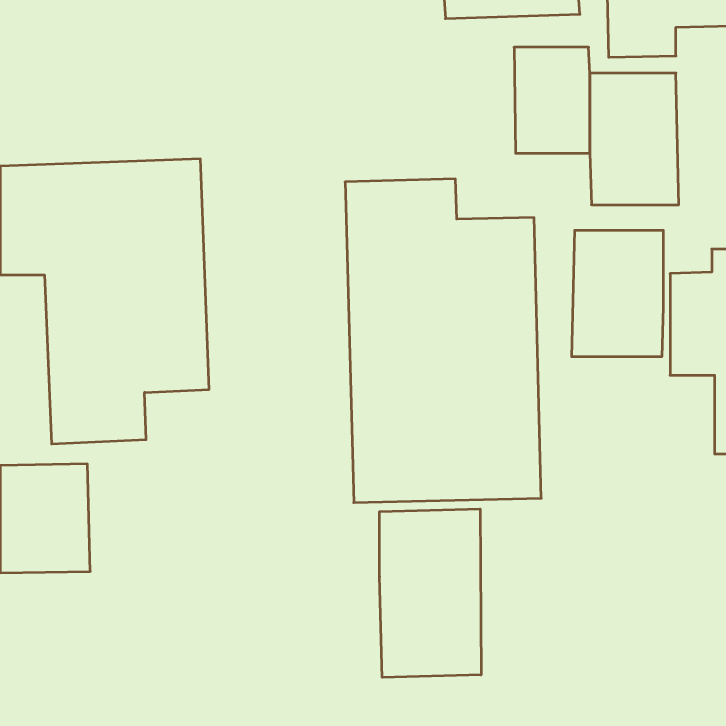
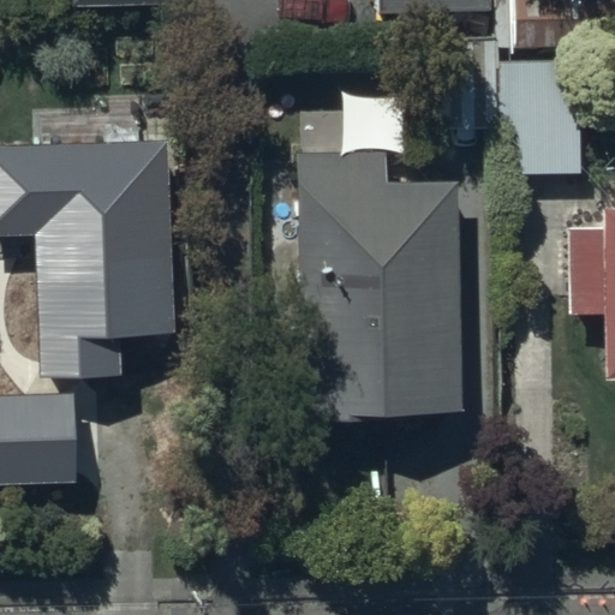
building: [572,230,663,357] -> none
building: [380,509,481,677] -> none

